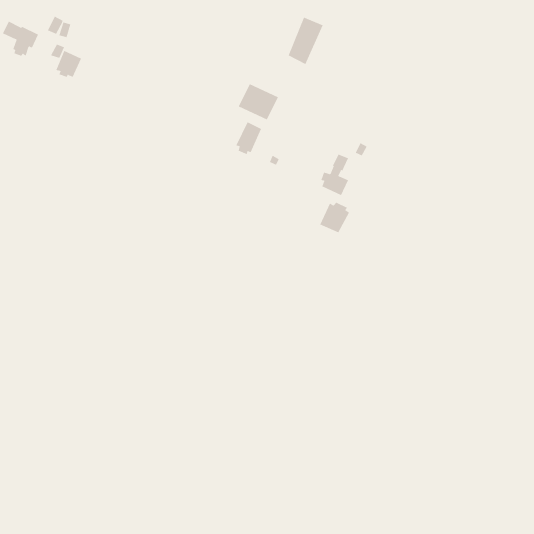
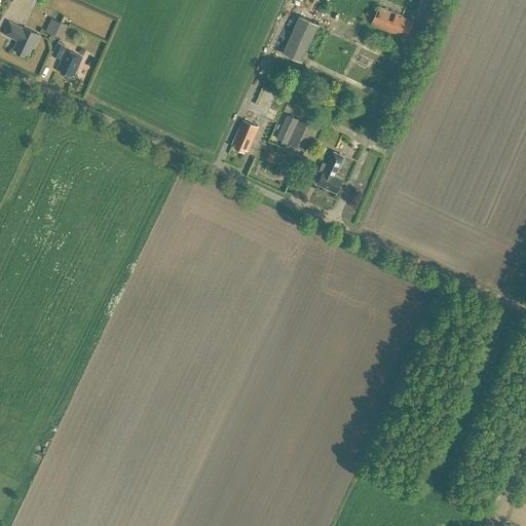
building: none -> [371,8,412,40]
building: [238,83,279,120] -> [275,116,315,152]
building: [320,202,350,233] -> none

